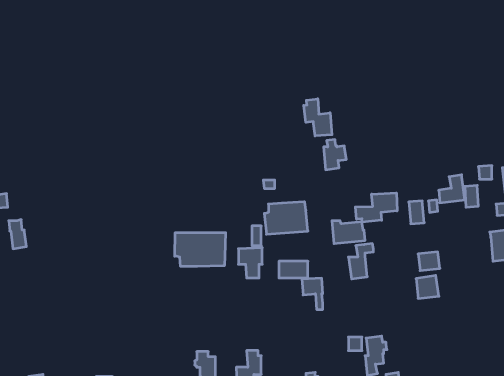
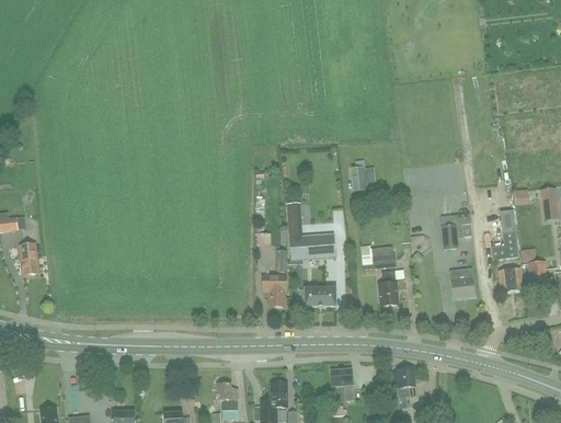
building: [304,99,332,136] -> none
building: [439,175,465,203] -> [491,229,518,259]
building: [355,193,397,222] -> none
building: [175,233,226,266] -> none
building: [416,275,439,298] -> [499,266,523,290]
building: [302,278,323,309] -> [331,367,353,400]

